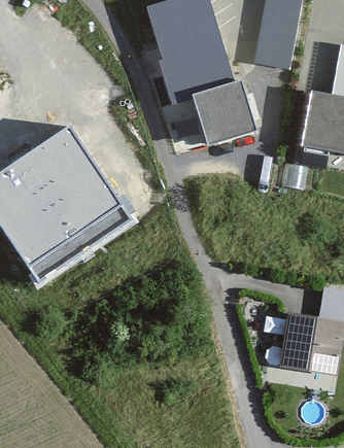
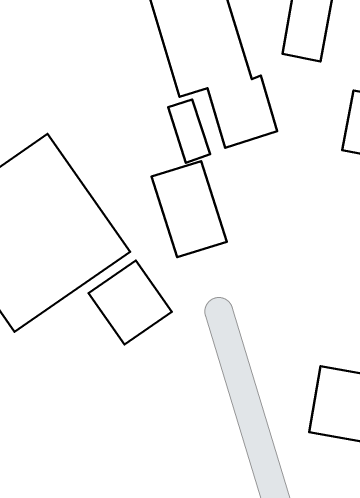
building: none -> [152,161,227,257]
building: none -> [89,260,172,345]

